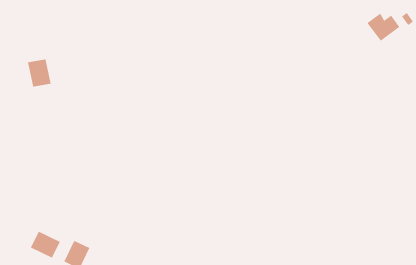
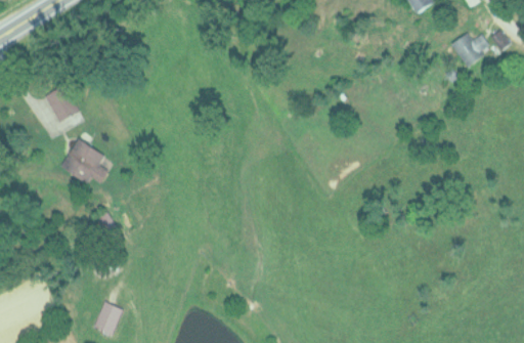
building: none -> [60,138,108,184]
building: [30,231,60,258] -> none

